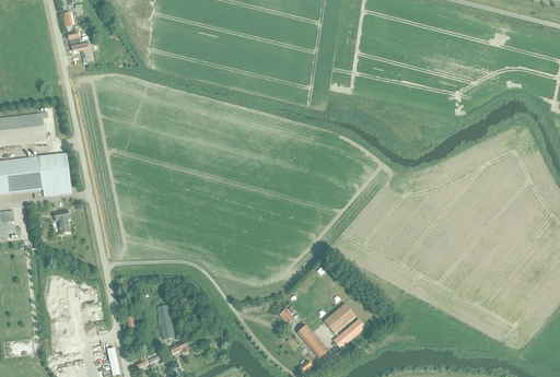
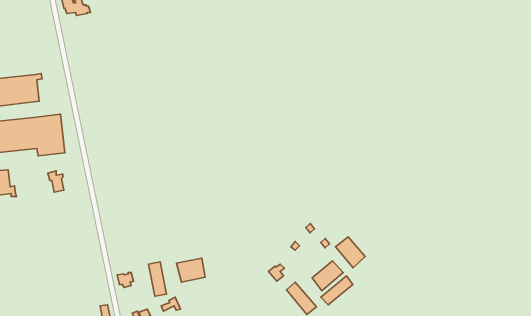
building: none -> [336,237,365,268]
building: none -> [177,258,205,282]

